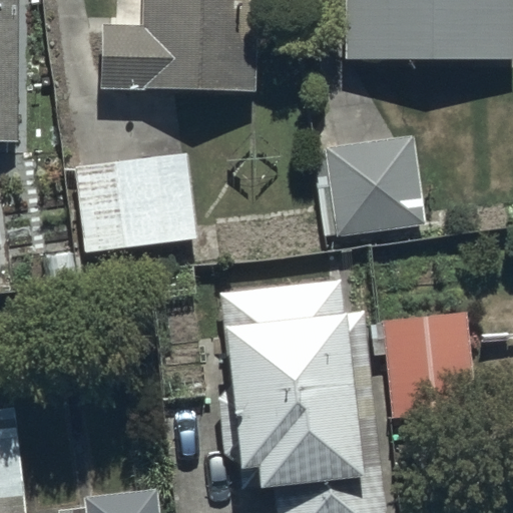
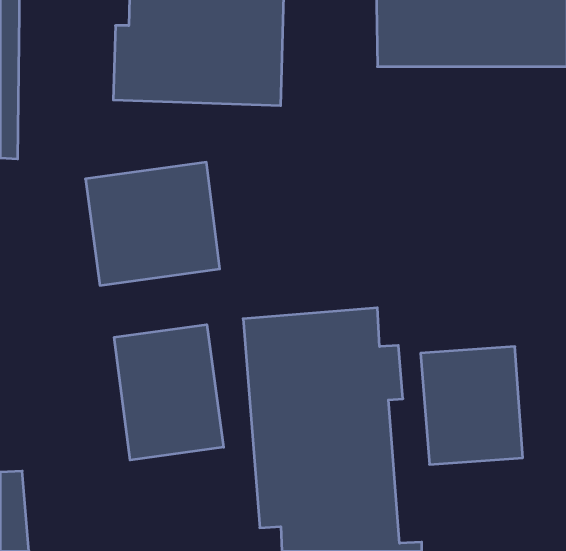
building: [320,133,422,231] -> none
building: none -> [114,325,224,460]

